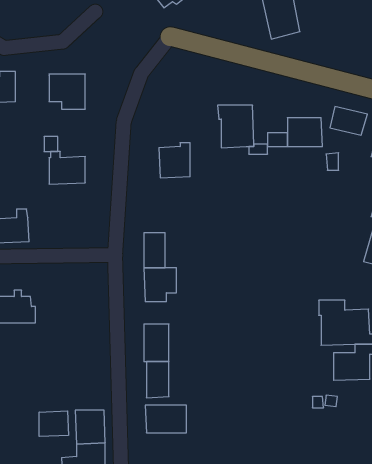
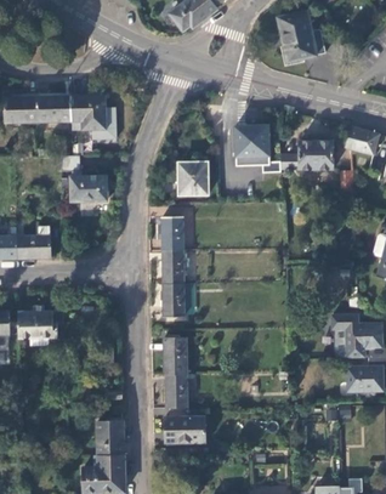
building: none -> [38,93,70,123]
building: none -> [163,217,183,250]
building: [39,411,68,436] -> none

